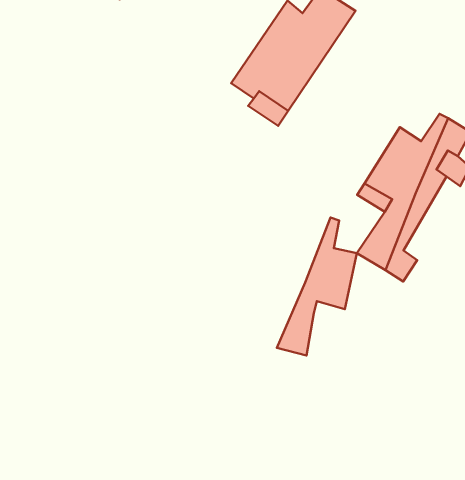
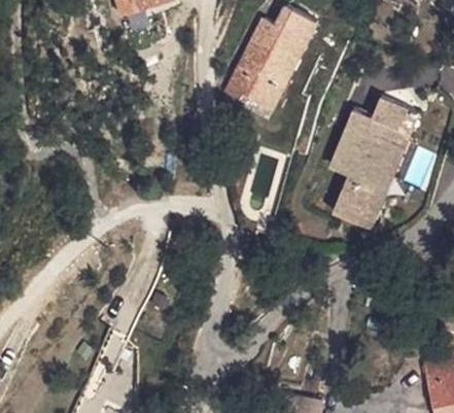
building: [277,217,357,356] -> none

